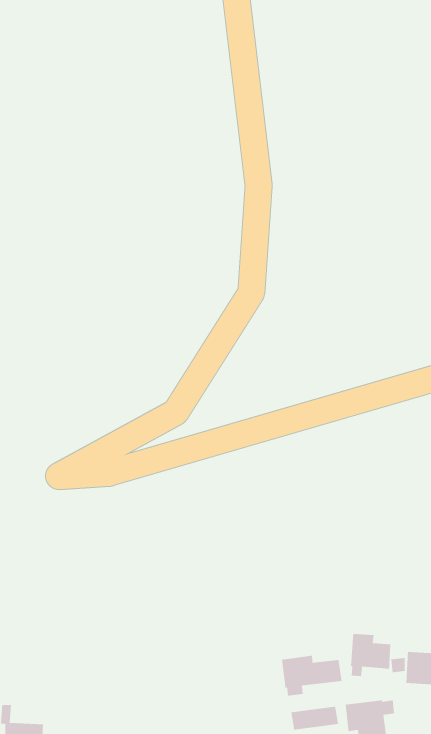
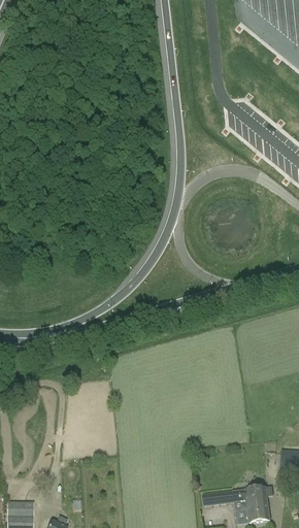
building: [351,633,391,677] -> none
building: [282,655,342,697] -> none

